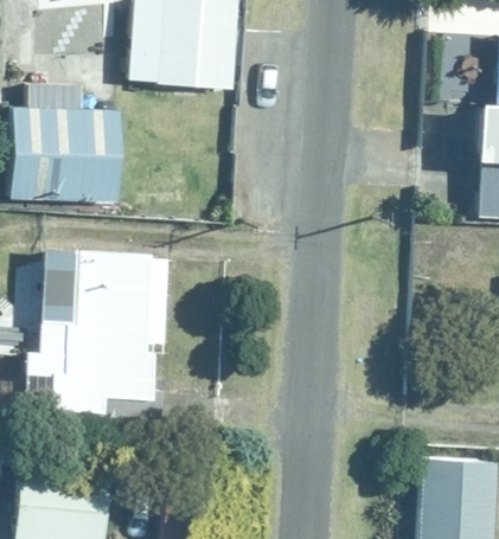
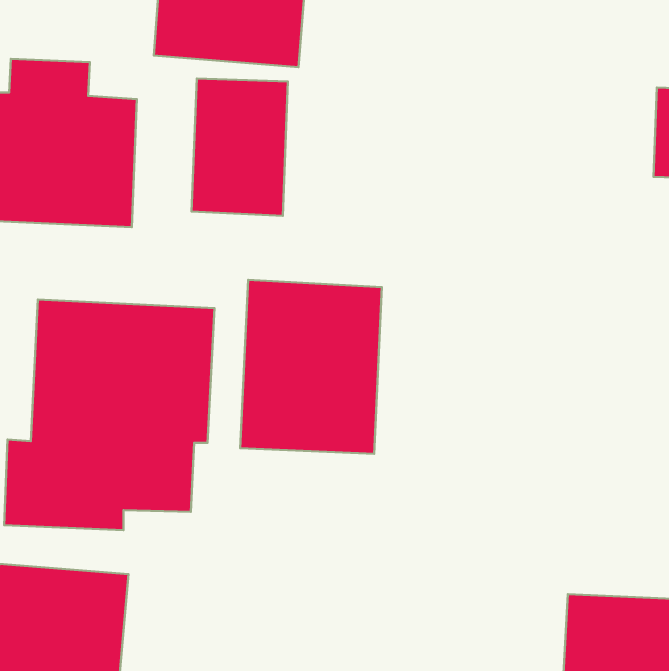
building: none -> [192,78,288,216]
building: none -> [240,280,382,454]

